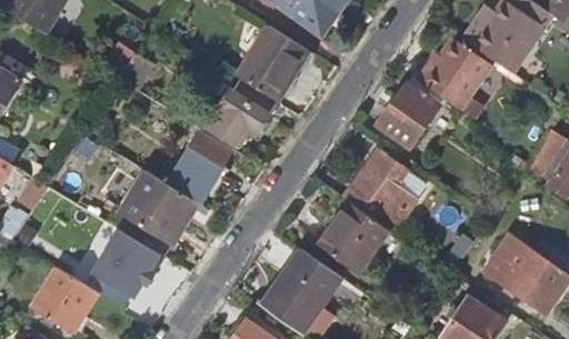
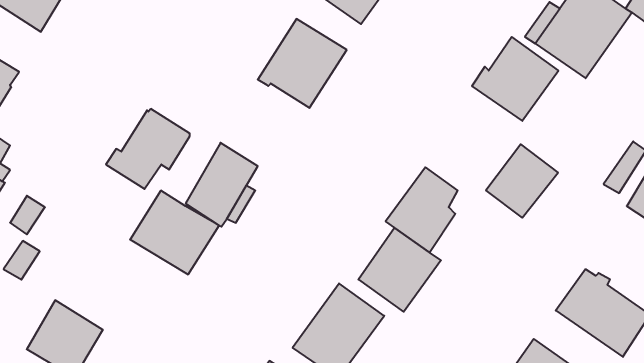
building: [203,79,276,148] -> [106,109,190,189]
building: [379,88,441,151] -> [486,144,558,218]
building: [93,228,164,297] -> none

